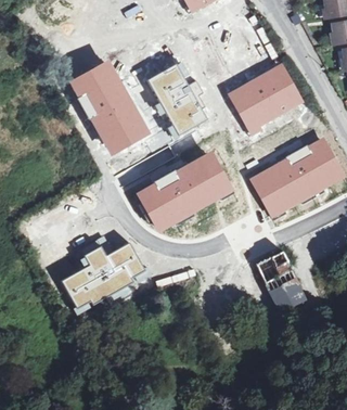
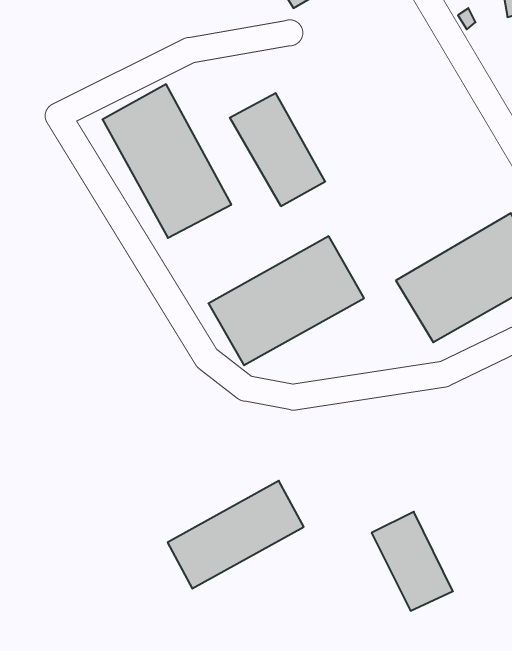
building: [227,64,301,134] -> none
building: [62,242,145,308] -> [168,481,304,589]
building: [255,251,305,311] -> [372,512,453,611]

